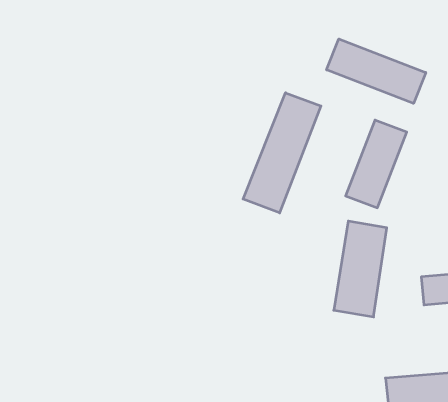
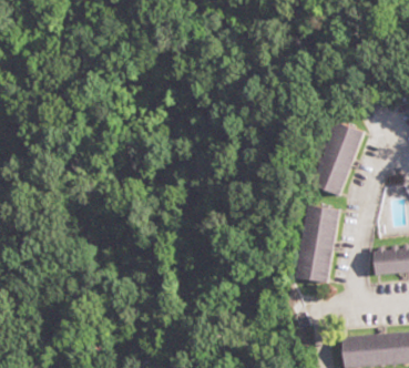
building: [327,39,426,103] -> none
building: [243,93,321,213] -> none

